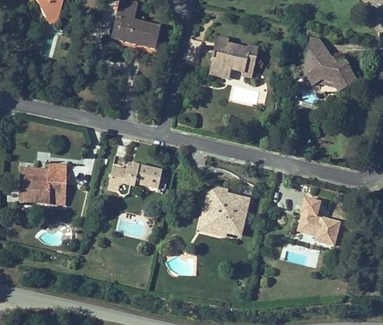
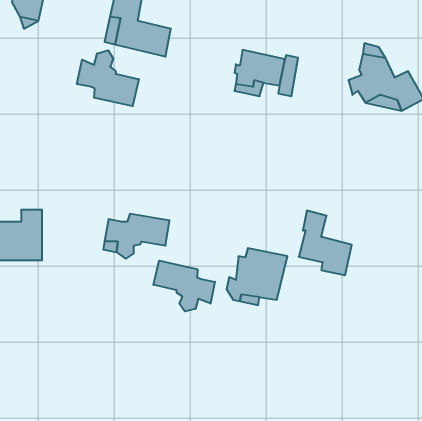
building: none -> [77,50,139,106]
building: [298,195,338,244] -> [299,211,352,275]
building: none -> [153,261,215,311]

